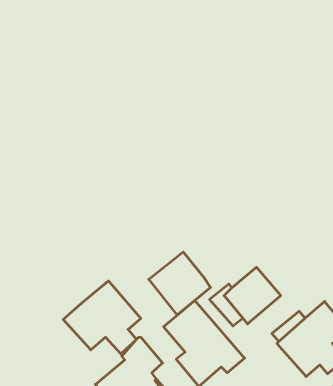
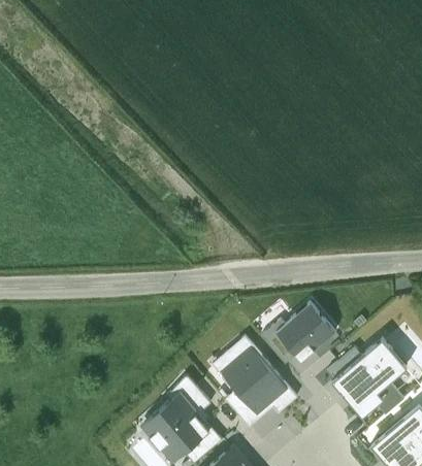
building: [149,252,211,315] -> none
building: [63,281,141,354] -> none

